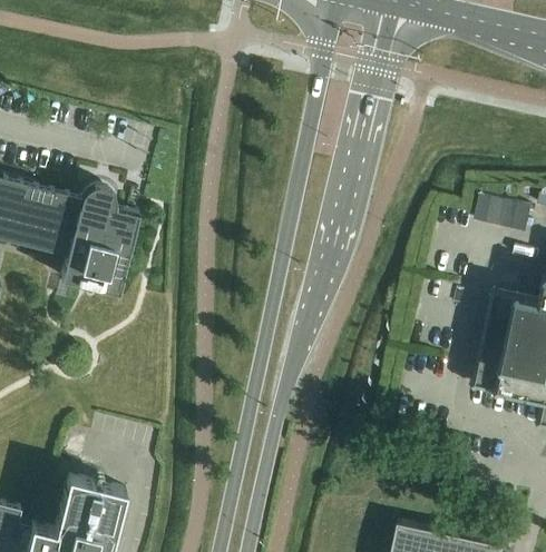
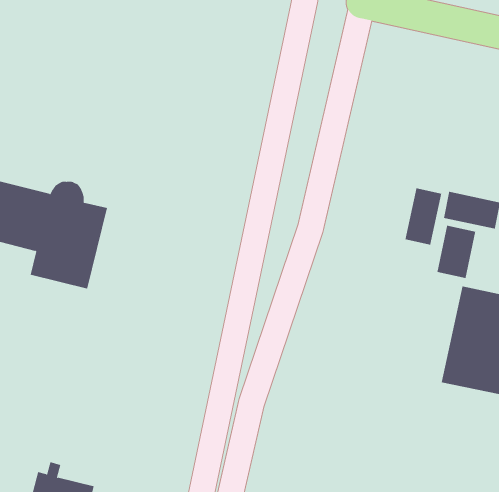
building: none -> [405,187,442,246]
building: none -> [437,225,476,279]

